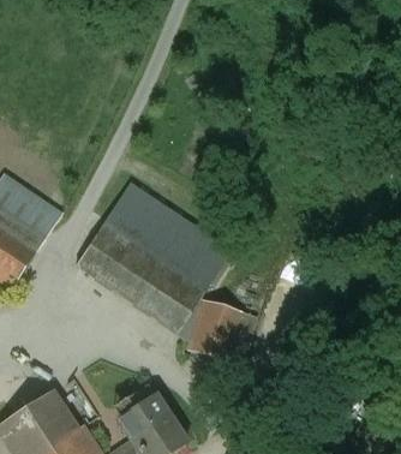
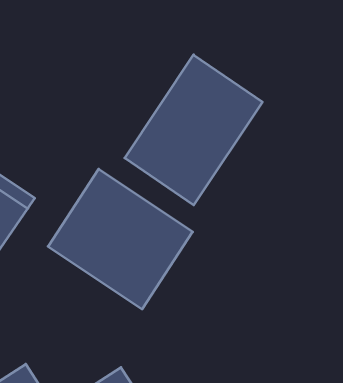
building: none -> [125,55,262,205]
building: [190,299,257,365] -> none

